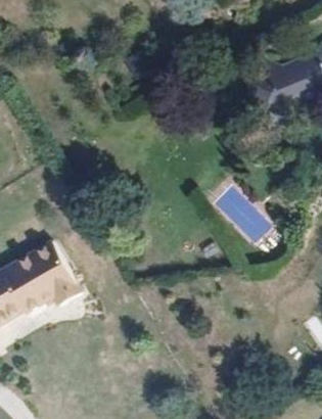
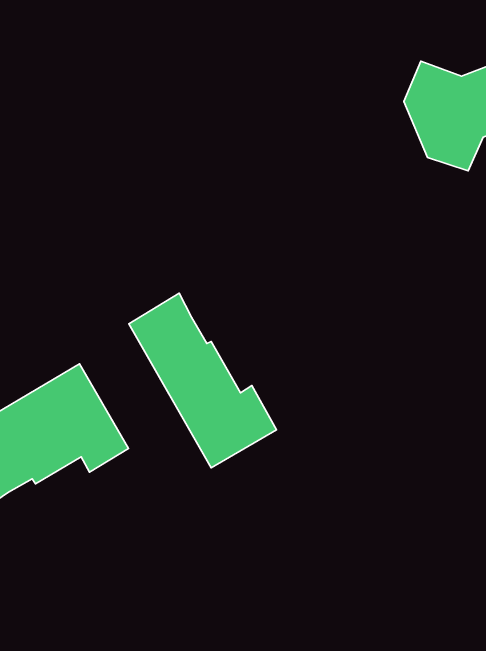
building: none -> [129,293,277,468]

